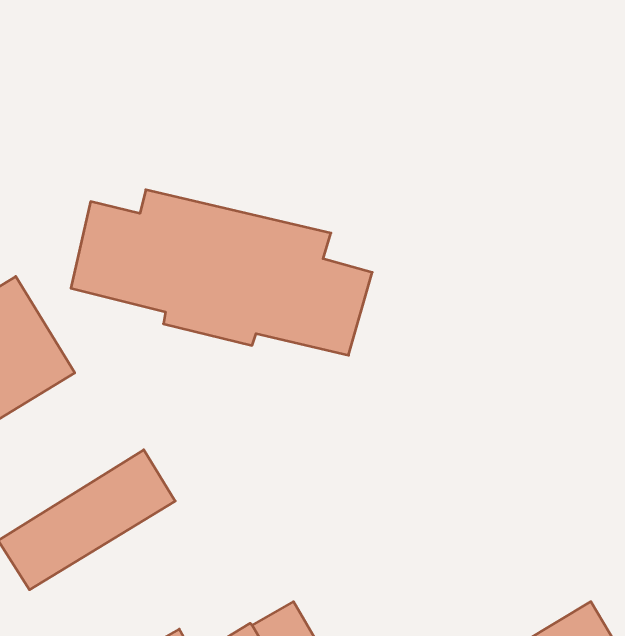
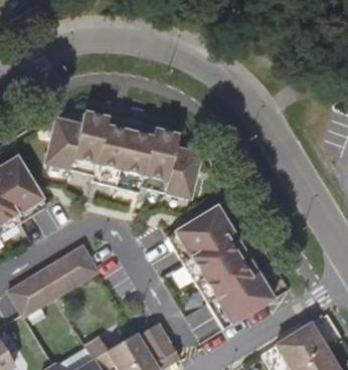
building: none -> [168,205,275,328]

